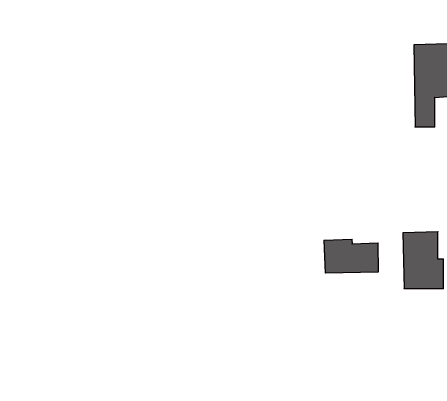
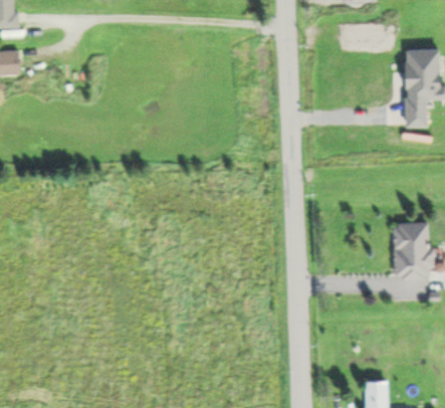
building: [324,239,378,273] -> none

